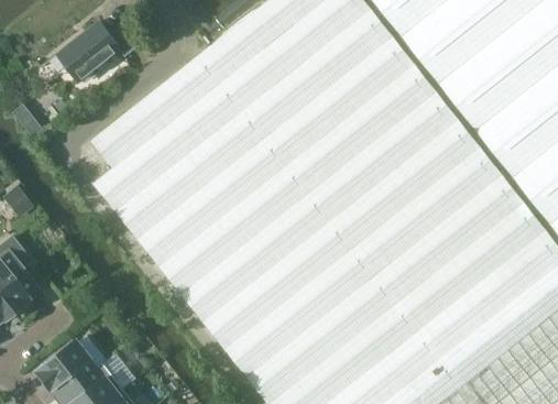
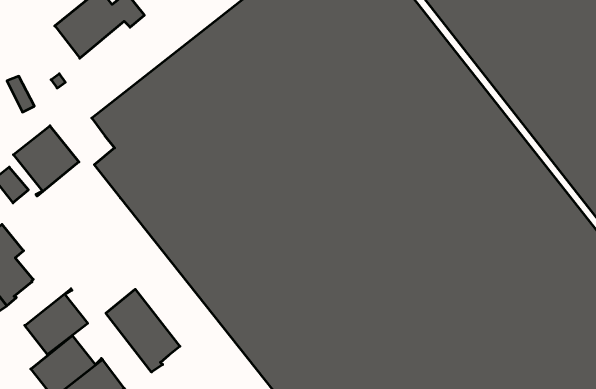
building: none -> [13,126,79,196]
building: none -> [25,289,88,355]
building: none -> [106,289,180,372]

